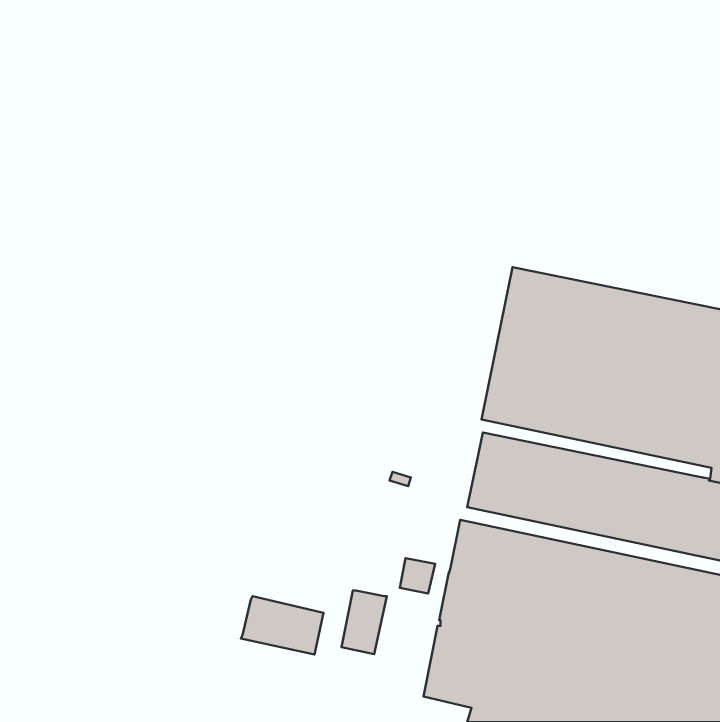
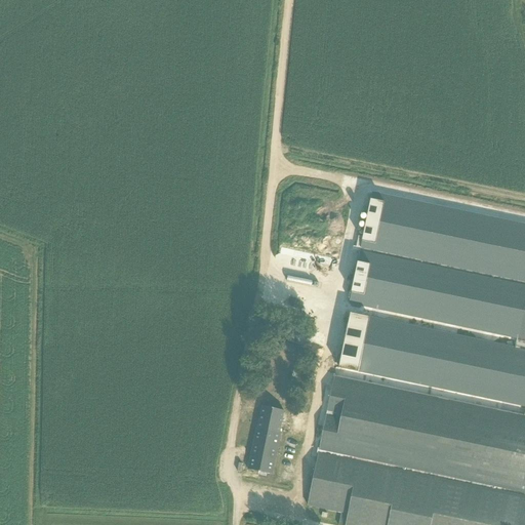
building: [400,558,435,594] -> [259,407,285,433]
building: [241,596,324,654] -> none

